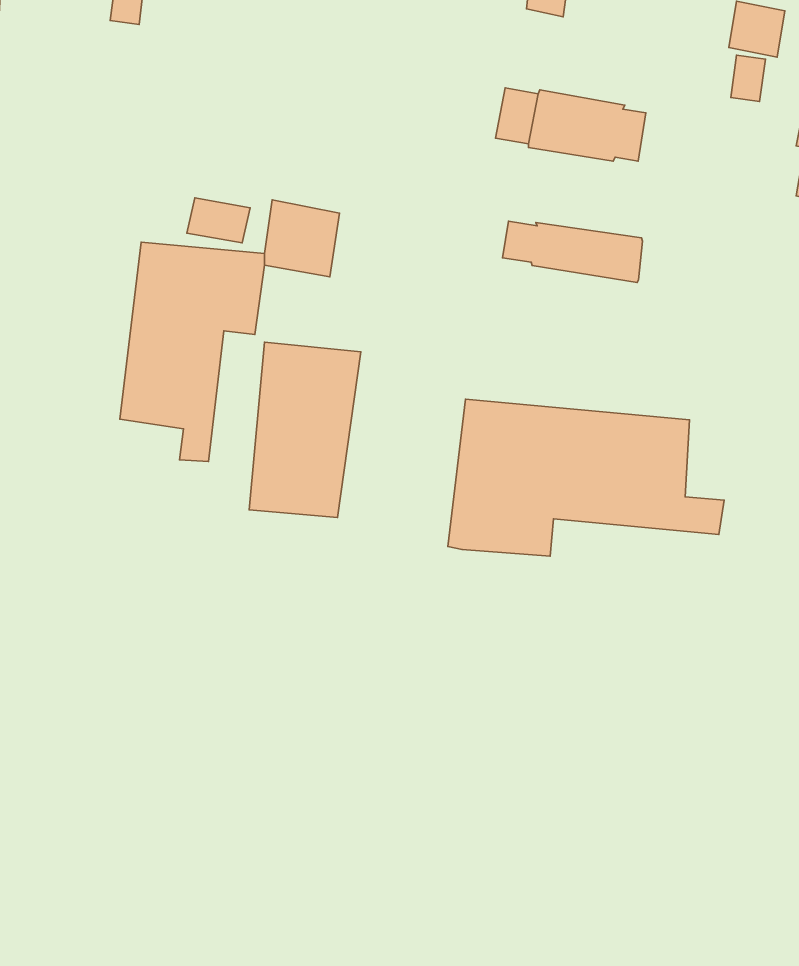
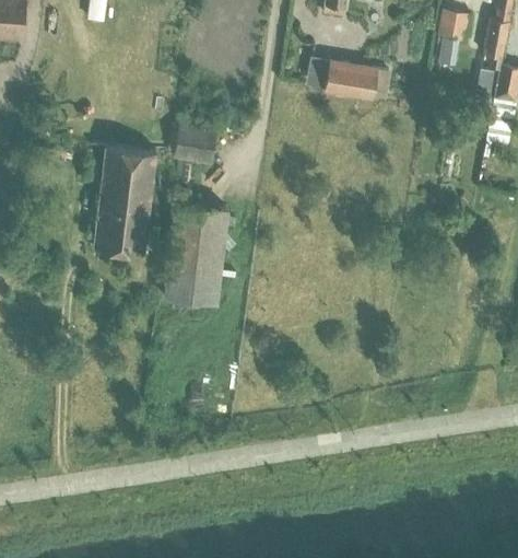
building: [187,198,250,243] -> none
building: [503,221,643,282] -> none
building: [448,399,724,556] -> none

